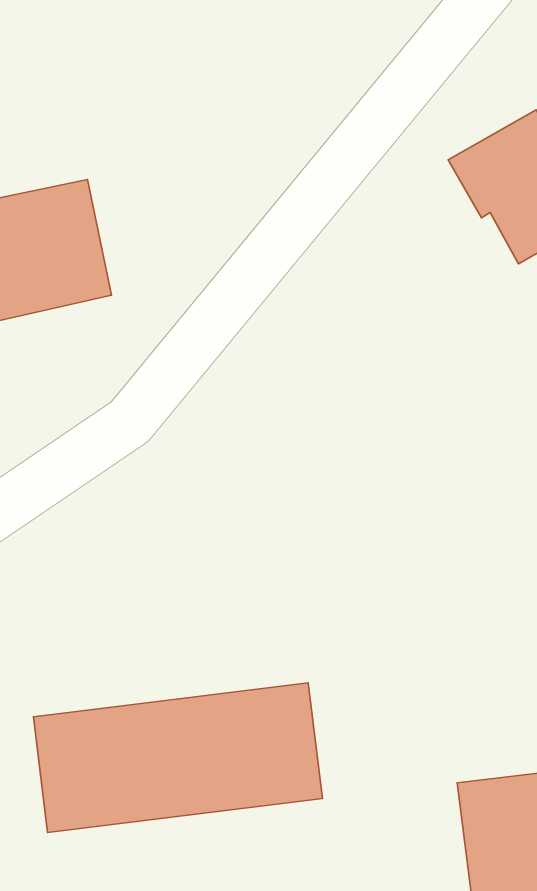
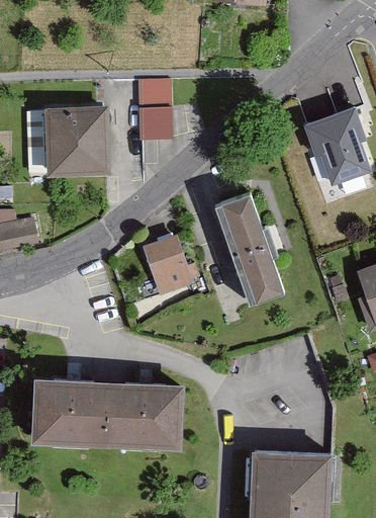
building: none -> [137,79,172,141]
building: none -> [214,193,284,305]
building: none -> [142,235,193,295]

